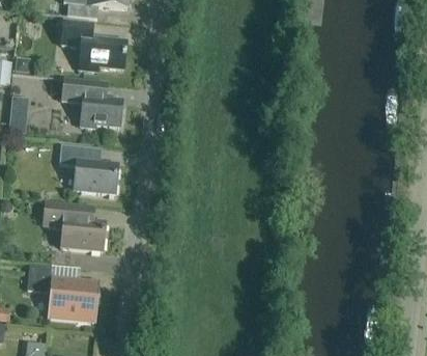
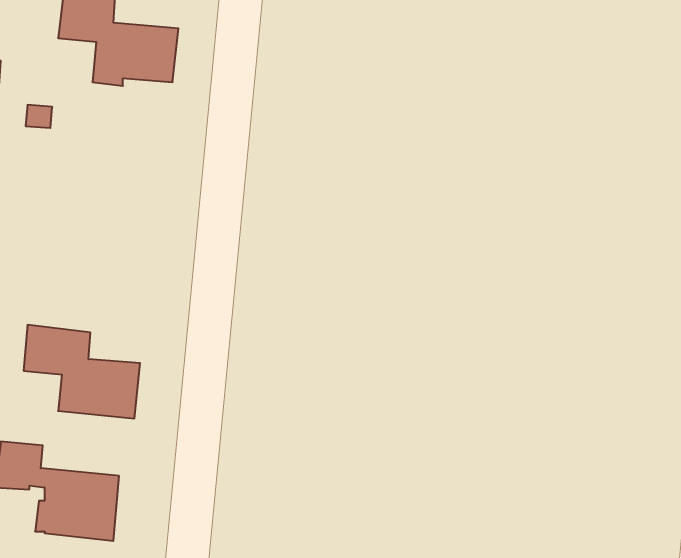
building: [61,78,121,127] -> none
building: [58,143,116,193] -> none

